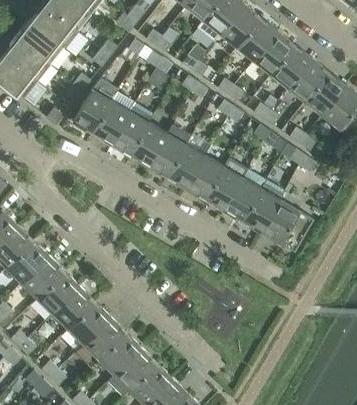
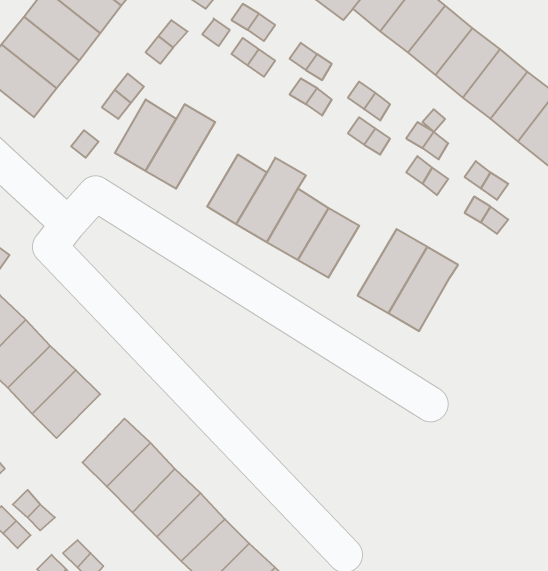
building: [110,102,153,154] -> none
building: [204,157,246,209] -> none
building: [260,198,312,251] -> none
building: [36,270,78,312] -> none

